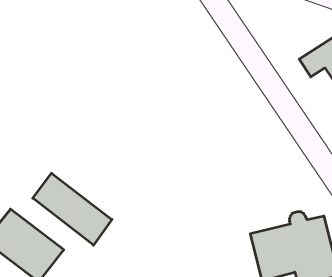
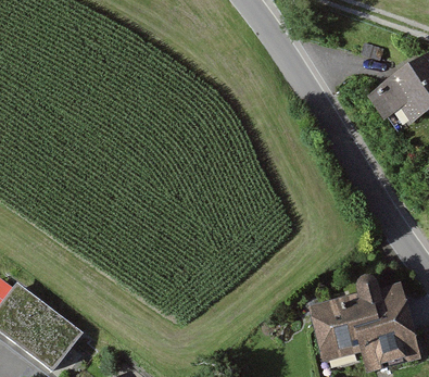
building: [33,173,112,245] -> none

